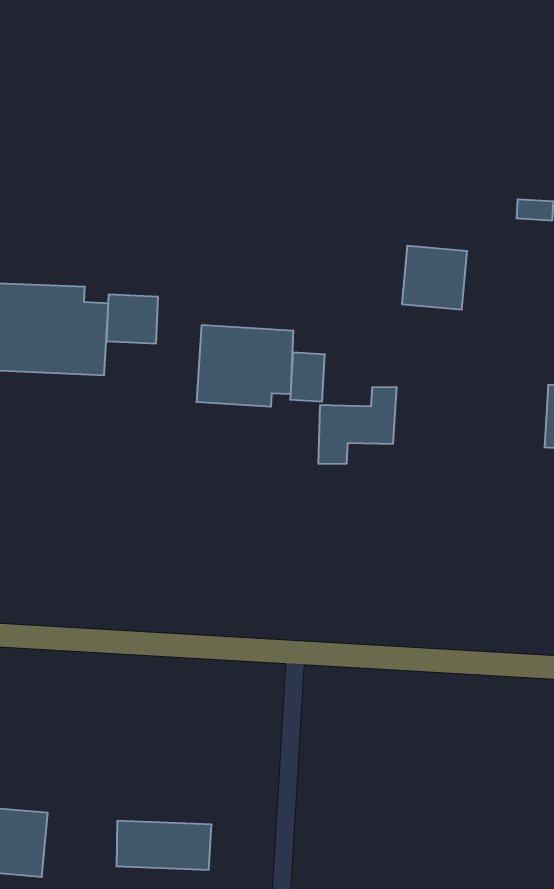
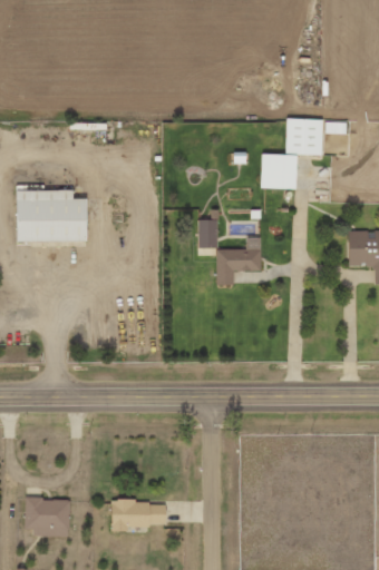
building: none -> [284,118,322,155]
building: [107,294,158,344] -> none
building: [197,325,293,407] -> none

